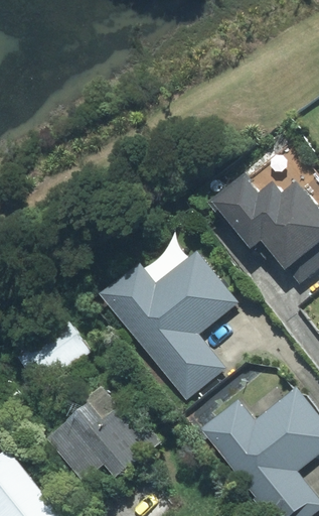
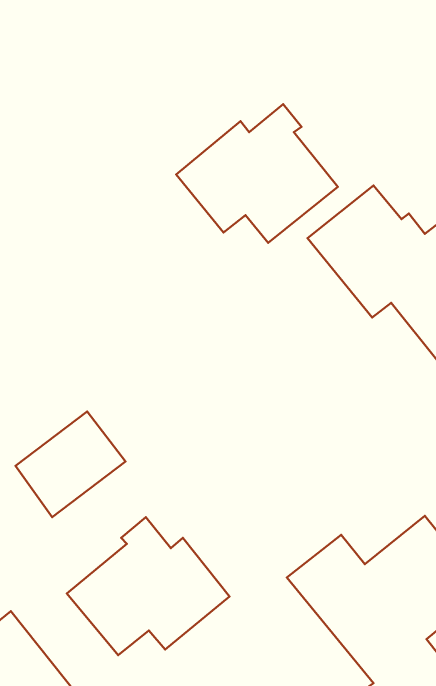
building: none -> [176,104,338,243]
building: [99,250,236,400] -> none

